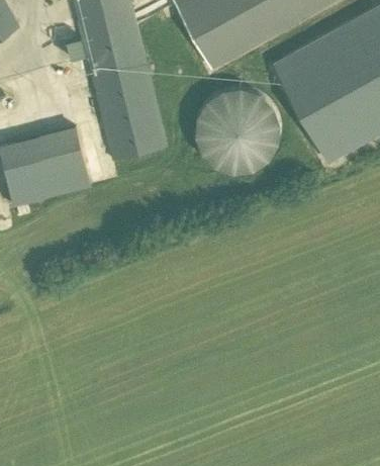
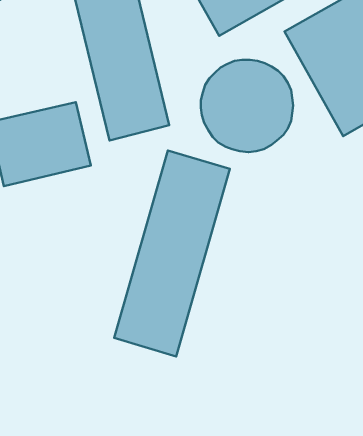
building: none -> [114,150,230,356]

